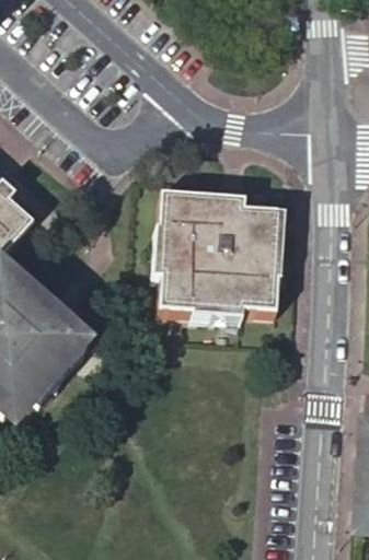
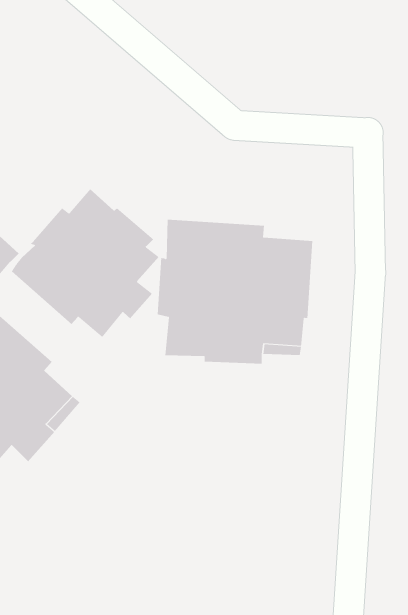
building: none -> [11,189,160,338]

